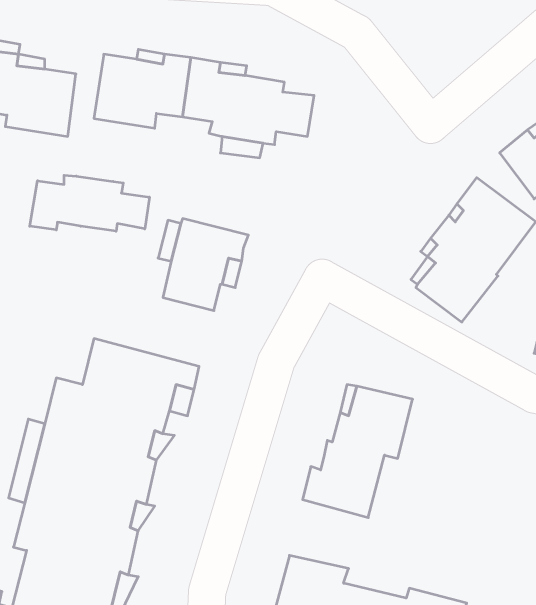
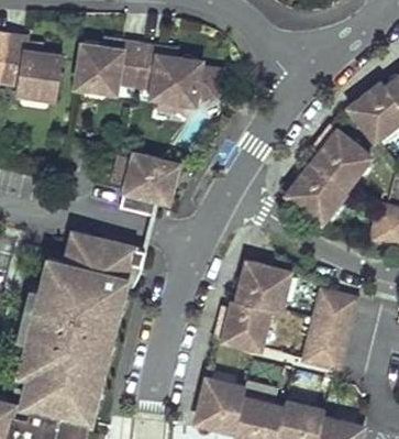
building: [30,175,149,231] -> none
building: none -> [303,290,355,369]

